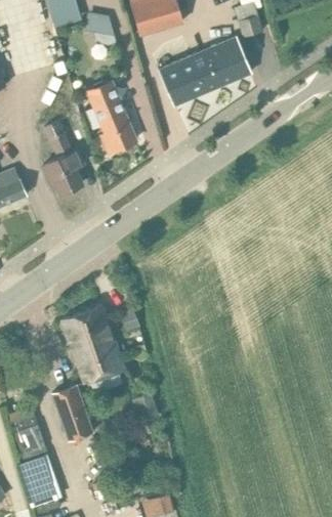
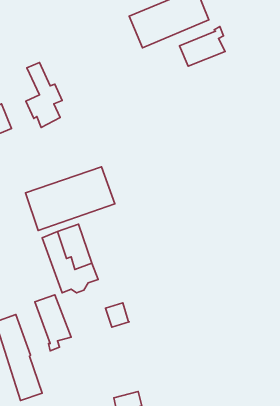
building: [86,81,135,153] -> none
building: none -> [180,27,225,66]
building: none -> [26,167,115,230]

